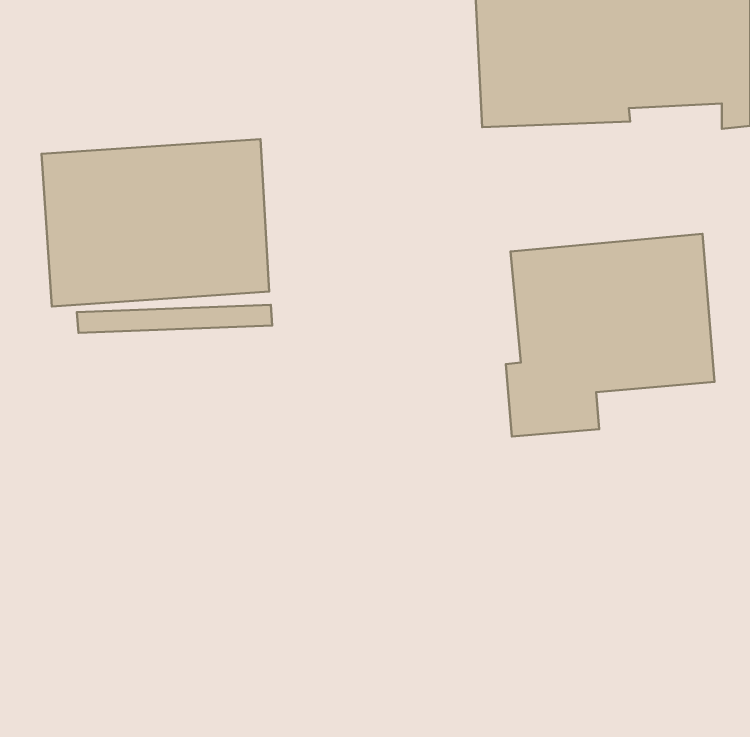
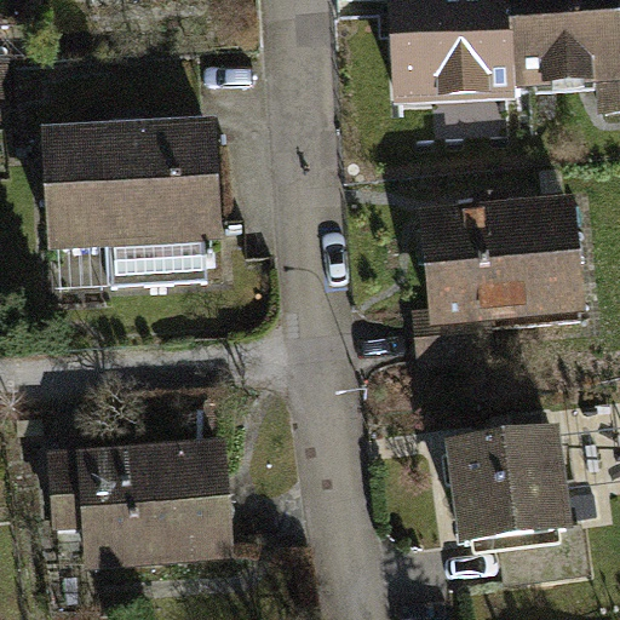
building: none -> [447,430,584,573]
building: none -> [48,441,237,570]

